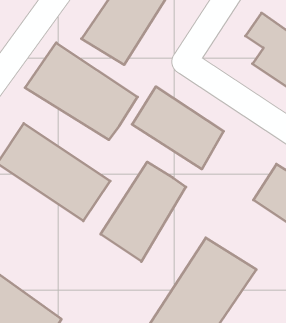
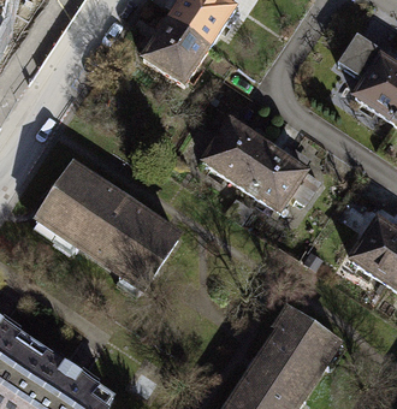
building: [25,43,138,140] -> none
building: [101,162,186,262] -> none

